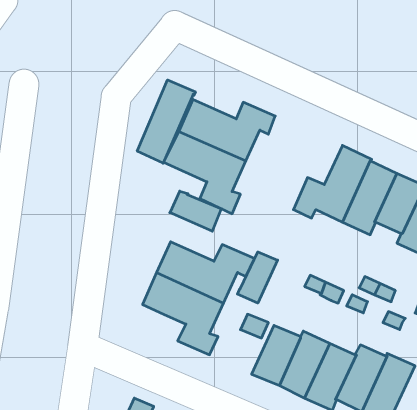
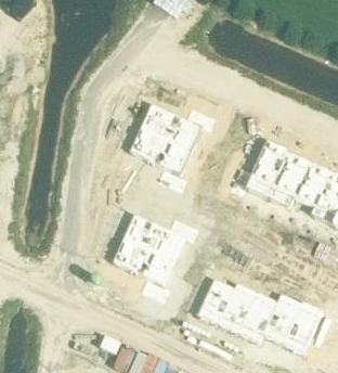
building: [137,80,195,163] -> none
building: [170,191,222,231] -> none
building: [237,252,278,303] -> none

